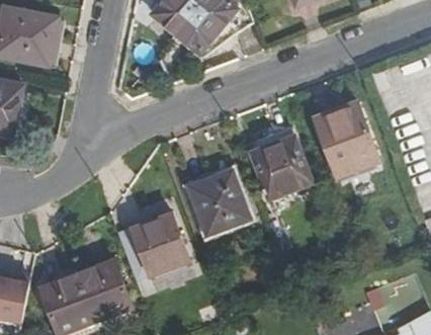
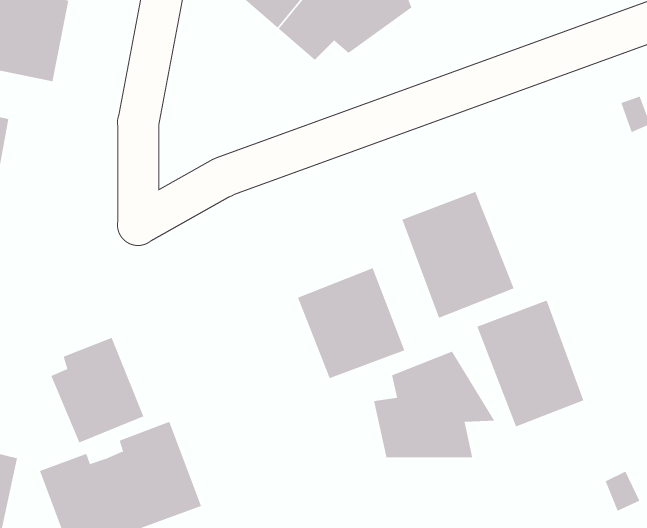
building: [316,104,377,177] -> [476,300,584,427]
building: [135,215,188,275] -> [50,337,144,443]
building: none -> [374,351,495,458]

